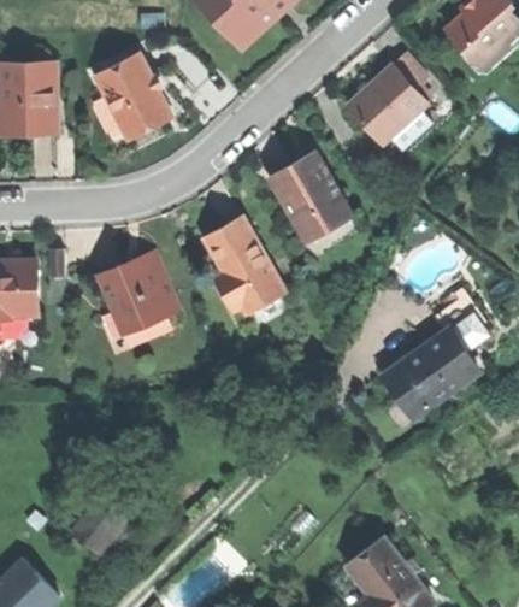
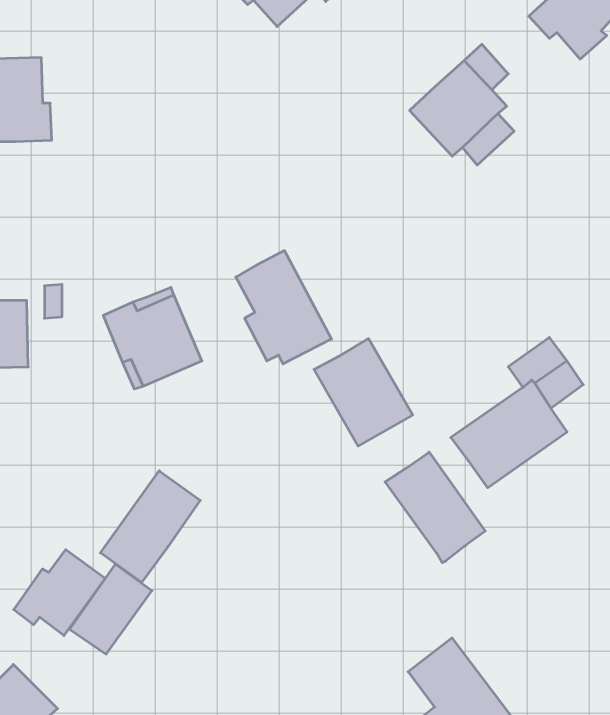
building: [95,53,169,135] -> none
building: [270,154,350,242] -> [314,339,413,446]
building: none -> [385,452,485,563]
building: none -> [100,471,200,582]
building: none -> [14,550,105,636]

